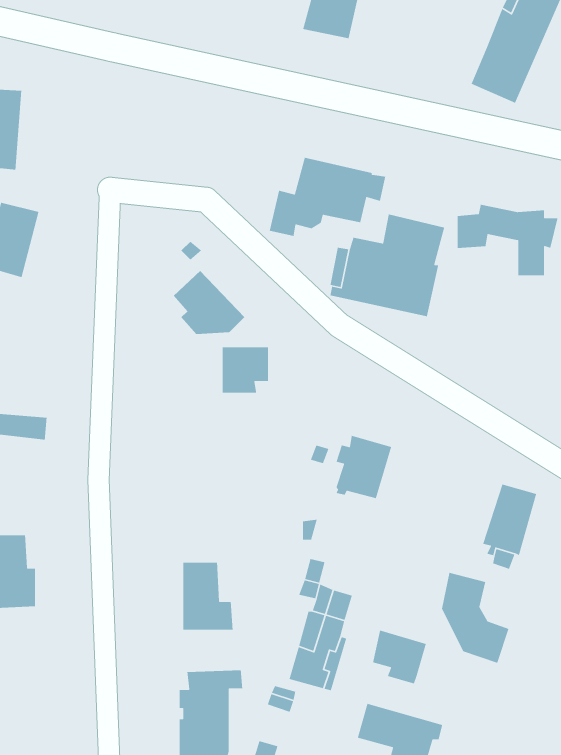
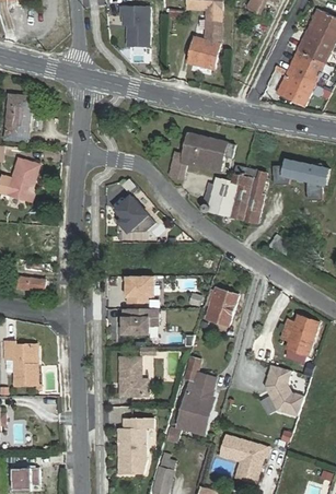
building: [222,347,269,394] -> [127,275,153,302]
building: none -> [123,308,158,334]
building: [372,630,427,684] -> none

